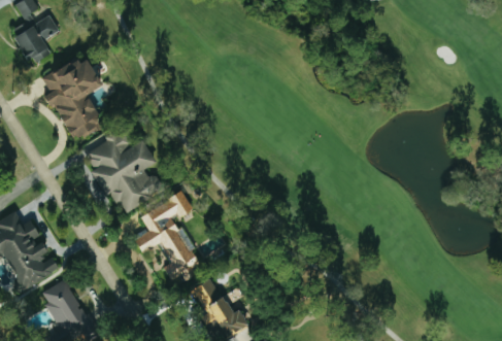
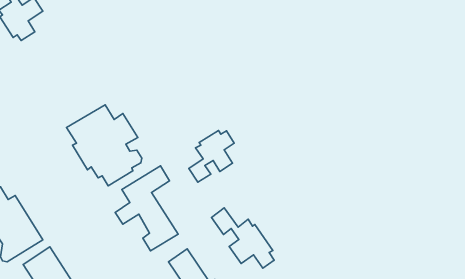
building: [41,55,102,137] -> none
building: none -> [189,130,234,182]
building: none -> [212,208,274,268]

